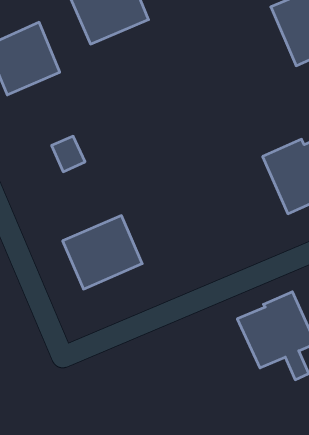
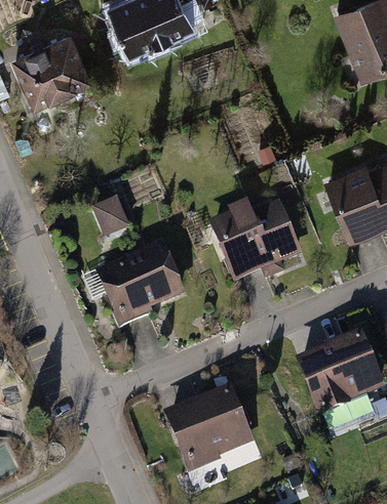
building: [52,136,85,172] -> [93,199,131,239]
building: none -> [209,200,301,291]
building: none -> [166,387,256,474]

